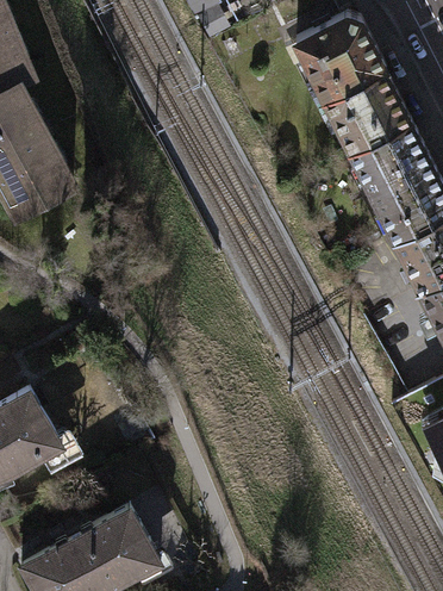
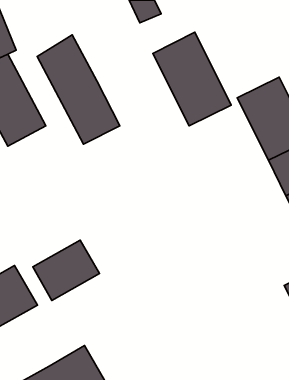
building: [297,11,410,147] -> [153,32,231,126]
building: none -> [37,35,120,144]
building: none -> [33,240,100,300]

